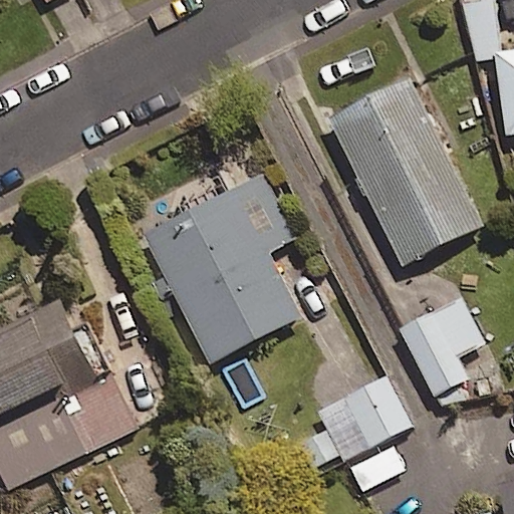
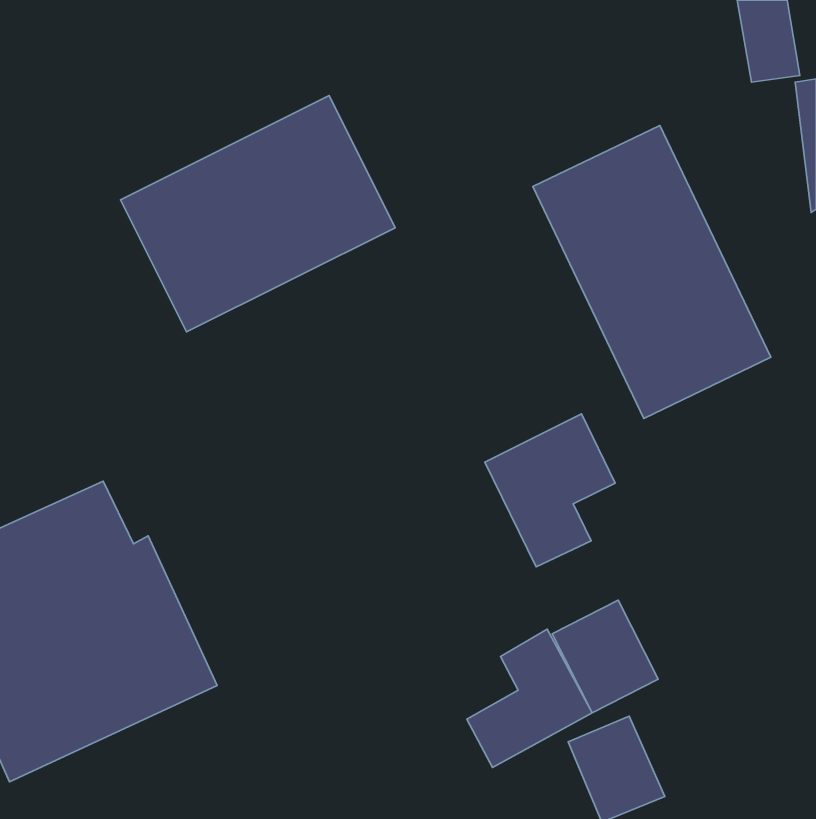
building: none -> [120,95,395,332]
building: [143,174,298,362] -> none
building: [401,300,482,396] -> [485,414,615,567]

